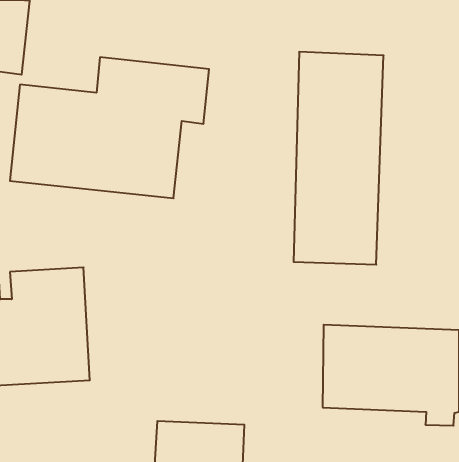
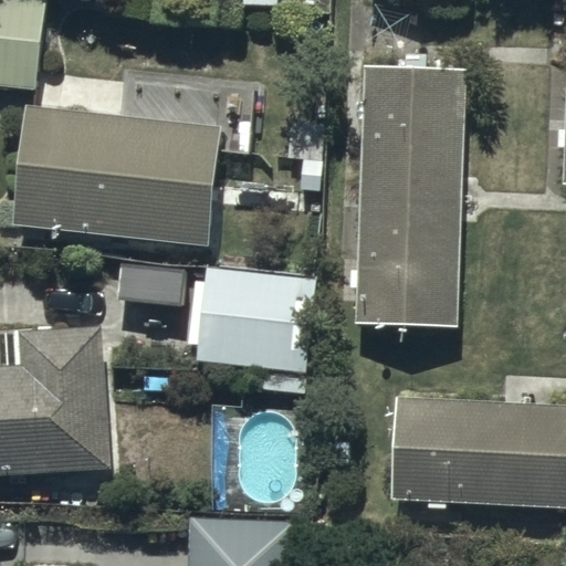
building: none -> [196,273,313,371]

